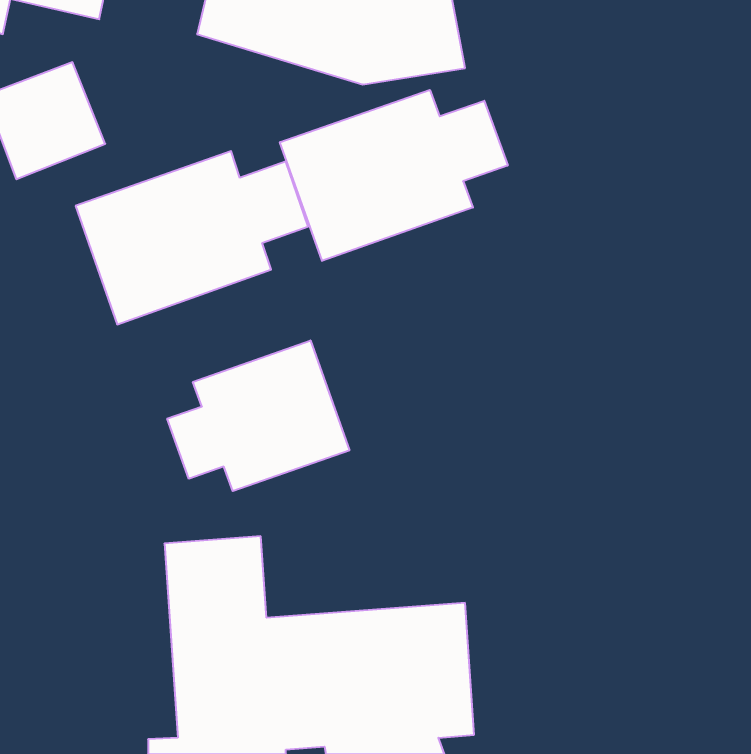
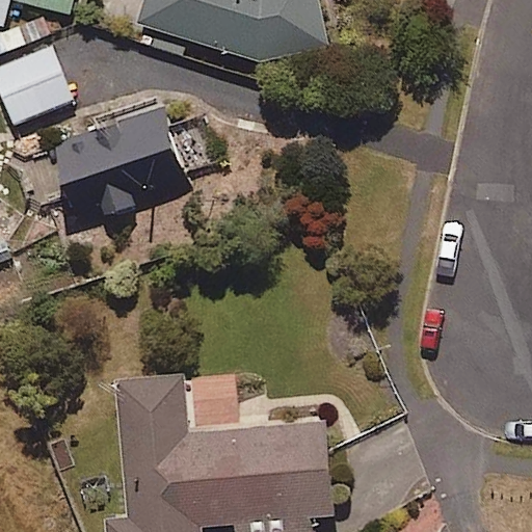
building: [280,90,508,261] -> none
building: [167,340,349,491] -> none

